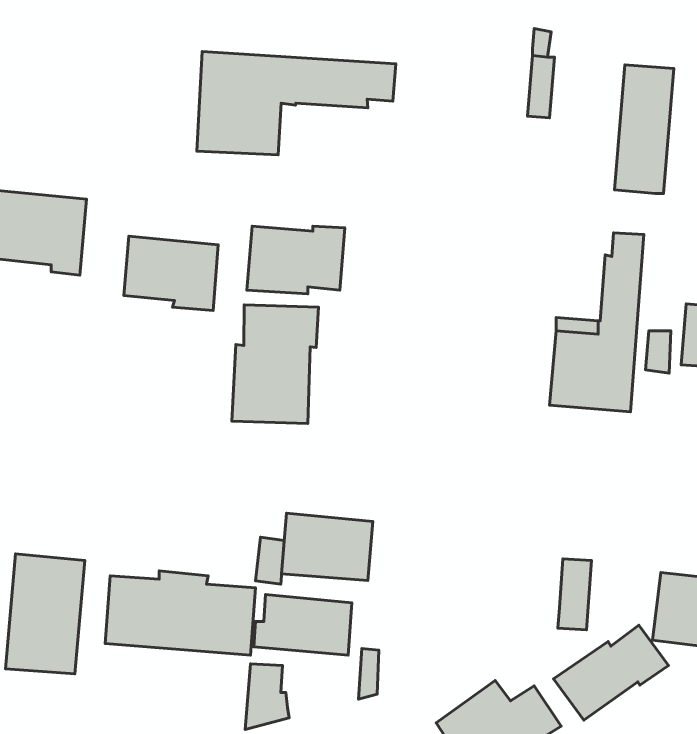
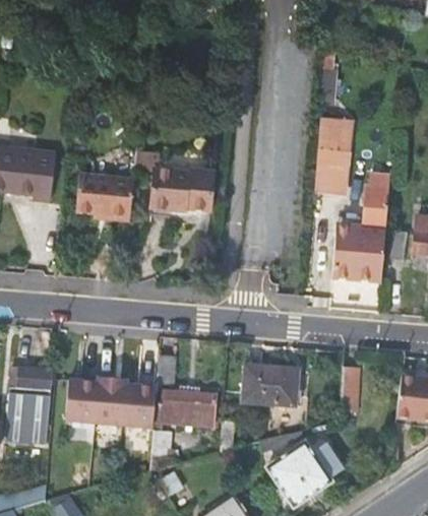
building: [197,51,396,155] -> none
building: [615,65,674,193] -> [315,117,351,194]
building: [232,305,318,424] -> none
building: [282,513,373,581] -> [242,364,297,404]
building: [554,625,669,720] -> none

